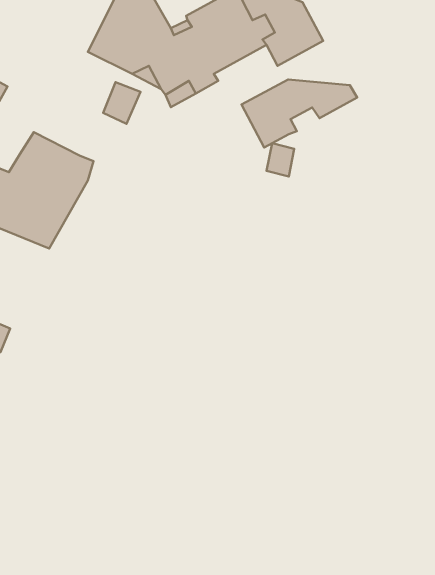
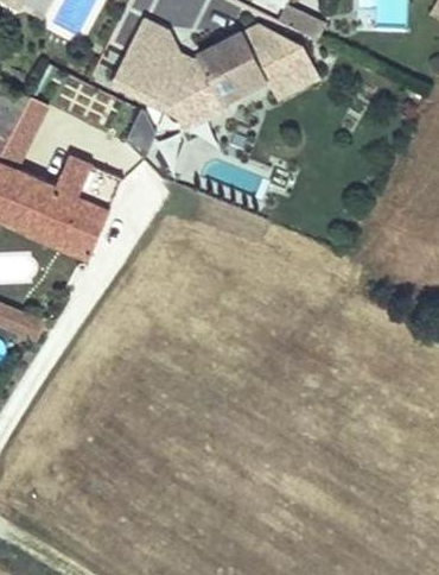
building: [241,79,357,147] -> none

